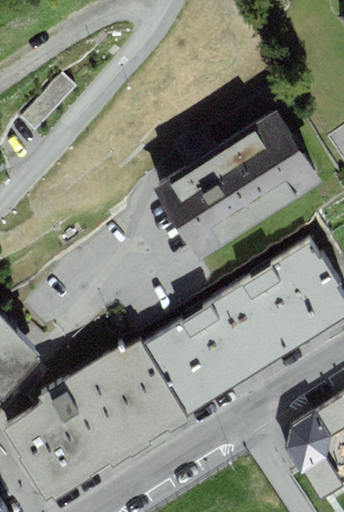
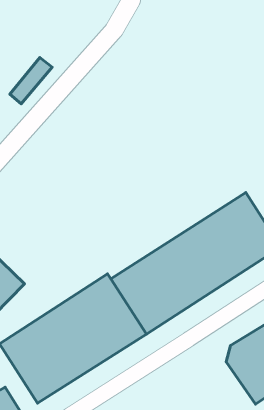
building: [156,113,315,253] -> none

